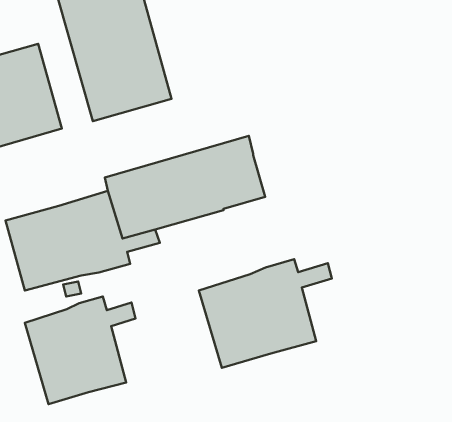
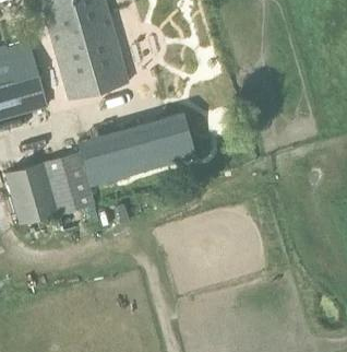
building: [199,259,332,368] -> none
building: [25,296,136,404] -> none

